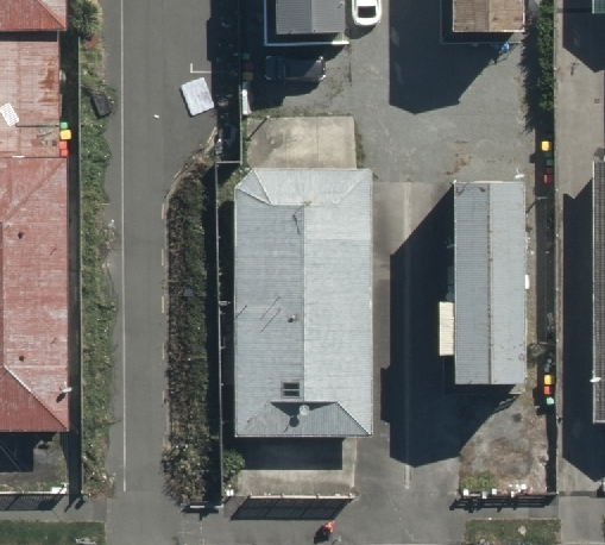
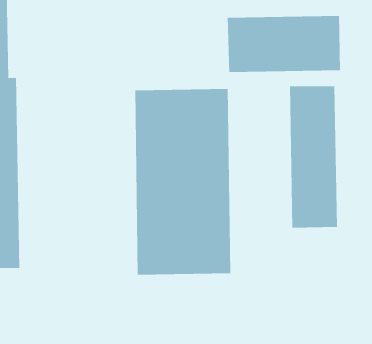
building: none -> [227,15,340,73]

